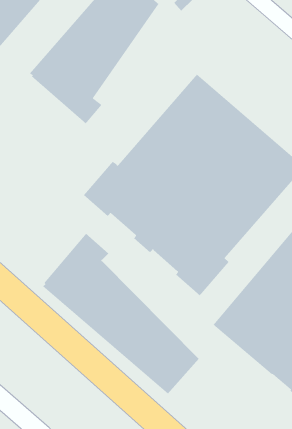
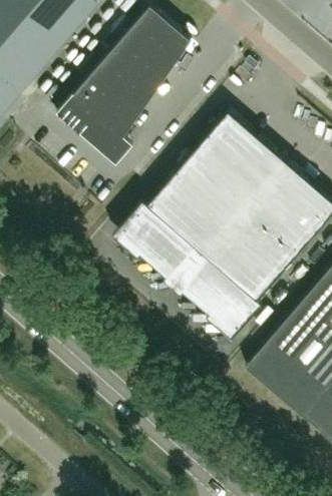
building: [42,233,200,395] -> none

